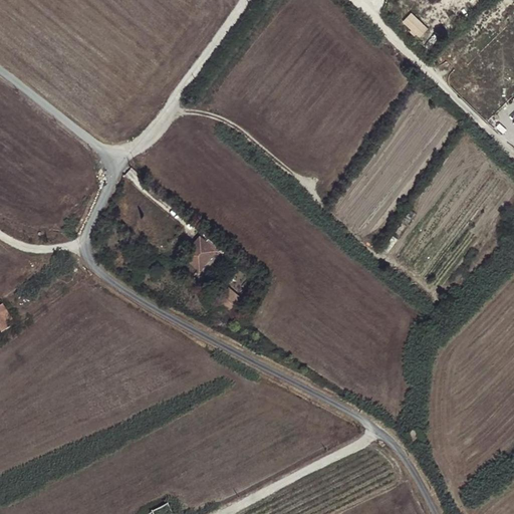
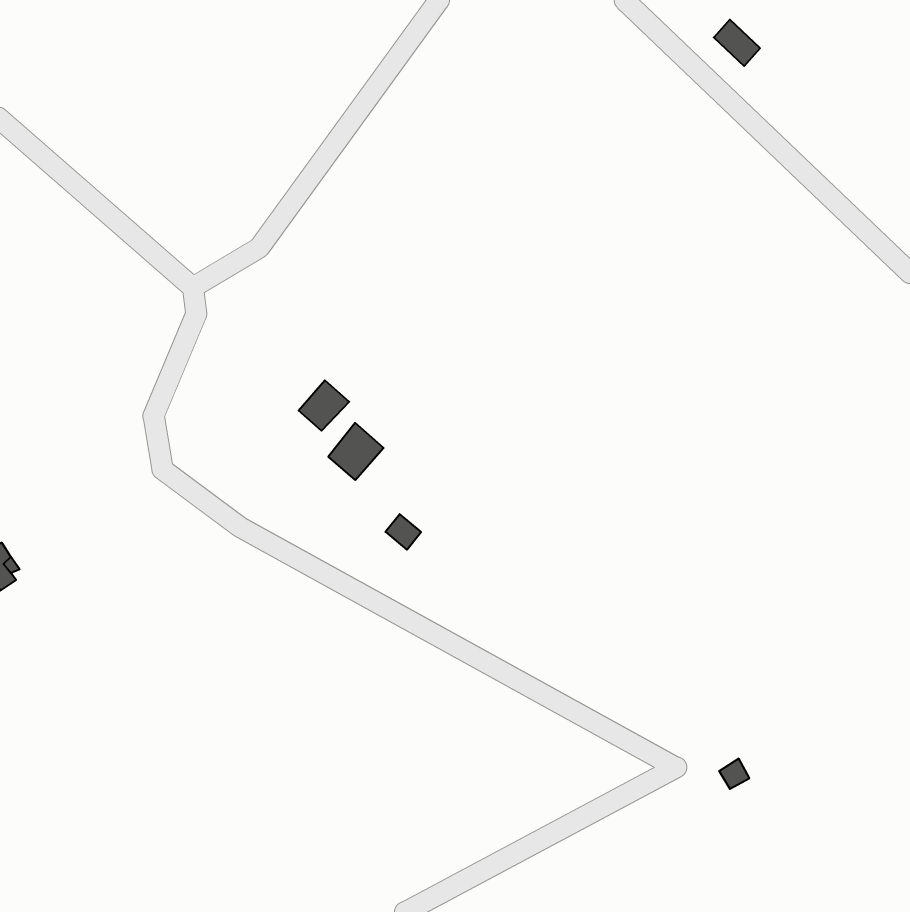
building: none -> [299,380,349,431]

